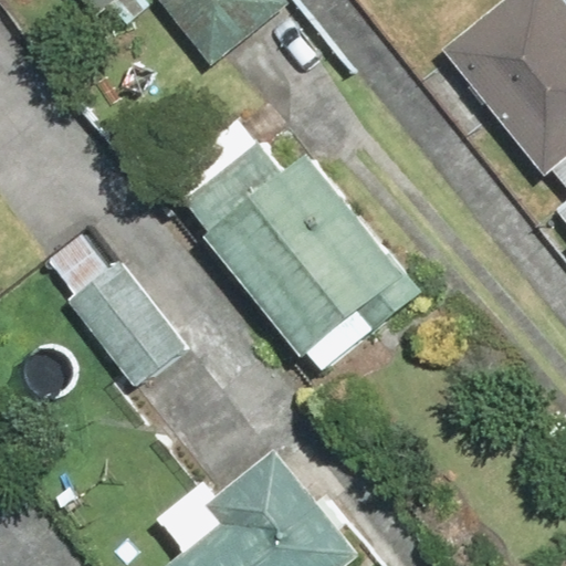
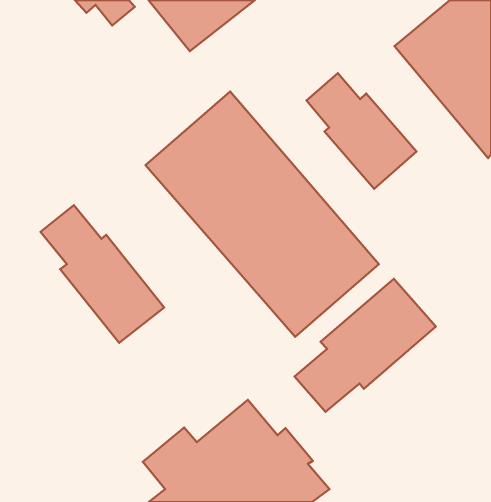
building: none -> [306,73,416,189]
building: none -> [294,279,436,412]

